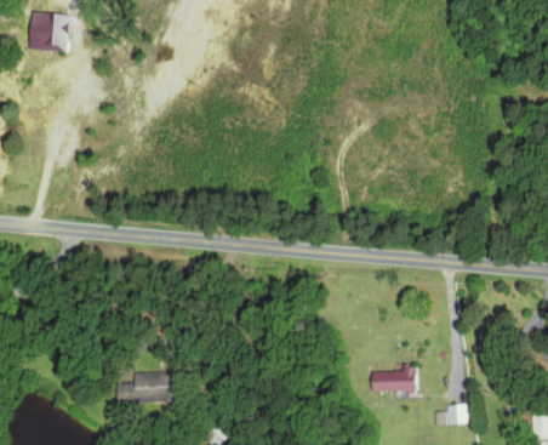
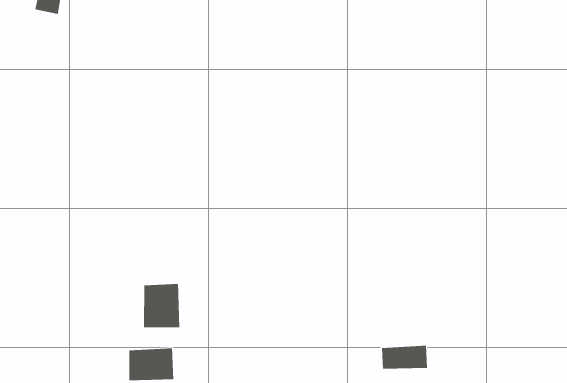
building: none -> [144,283,180,328]

